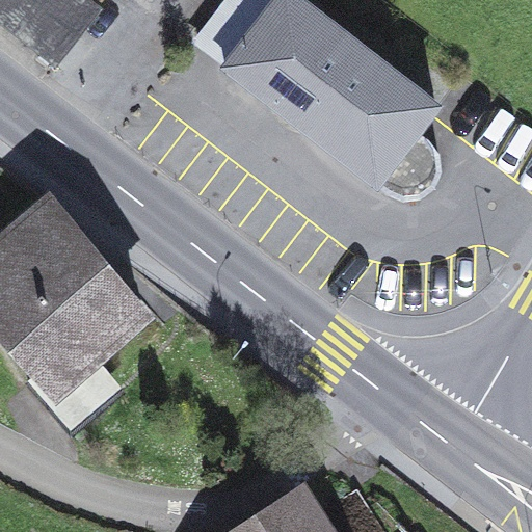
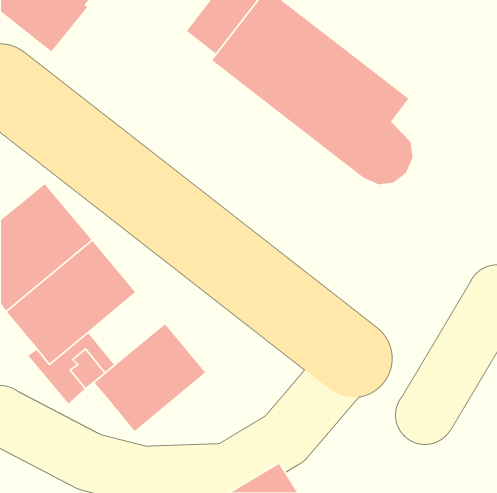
building: none -> [94,323,206,432]

